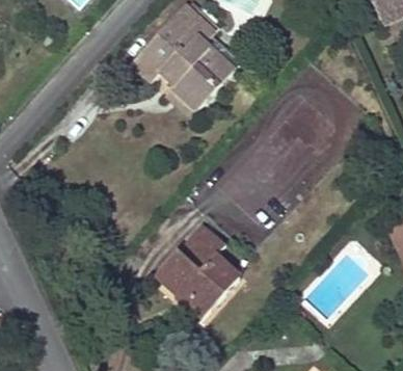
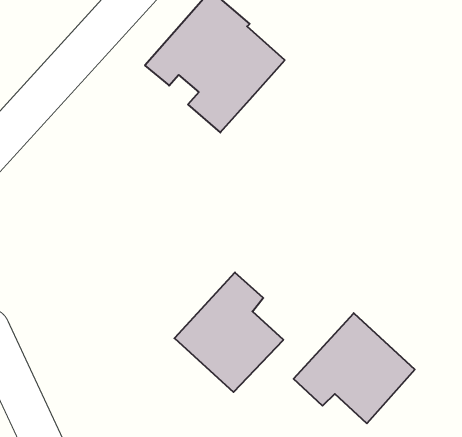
building: none -> [294,313,415,423]

